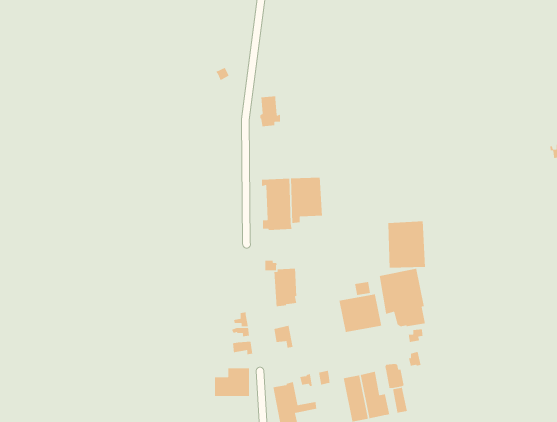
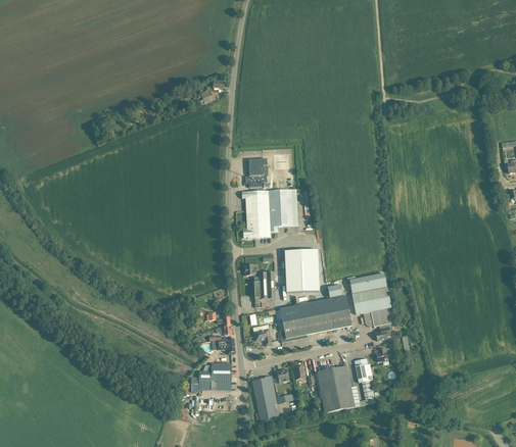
building: [259,96,281,127] -> [246,158,266,187]
building: [388,220,426,269] -> [284,248,319,292]
building: none -> [274,301,318,342]

